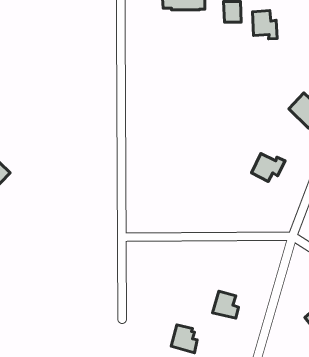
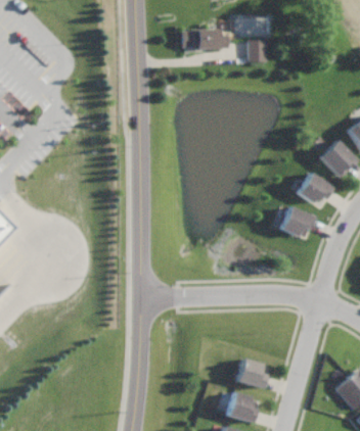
building: [252,11,277,39] -> none
building: none -> [295,173,330,202]
building: [171,325,197,353] -> [225,391,254,422]

